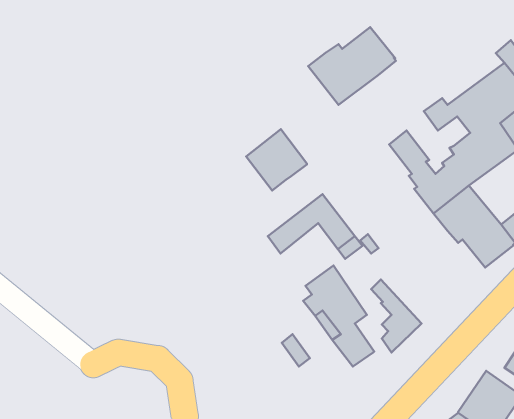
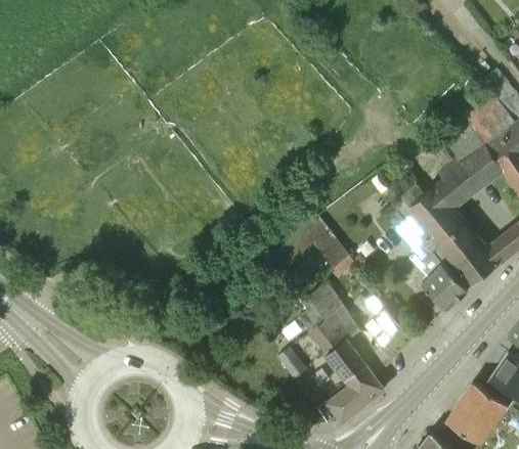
building: [308,27,396,105] -> none
building: [246,129,307,190] -> none
building: none -> [393,198,467,311]
building: none -> [329,366,384,421]

